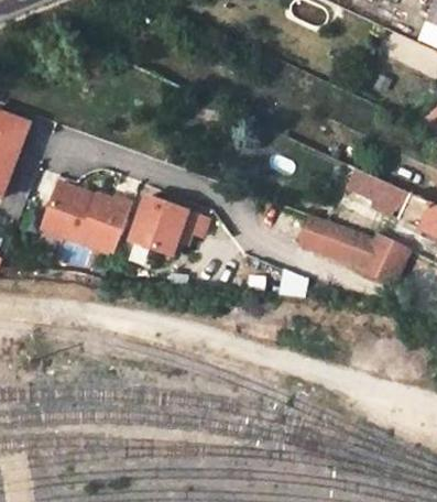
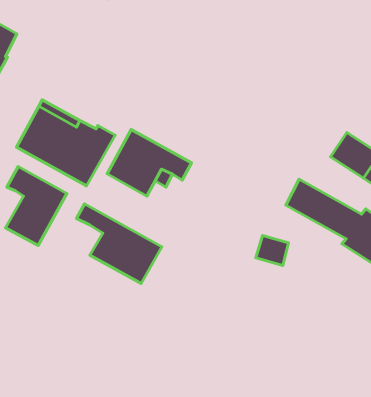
building: none -> [6,167,67,246]
building: none -> [77,204,162,284]

